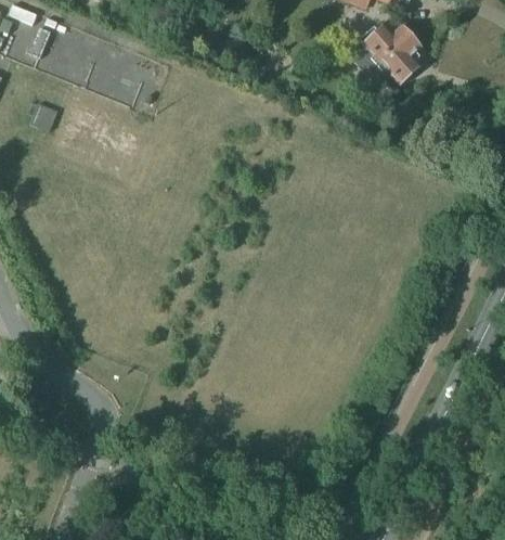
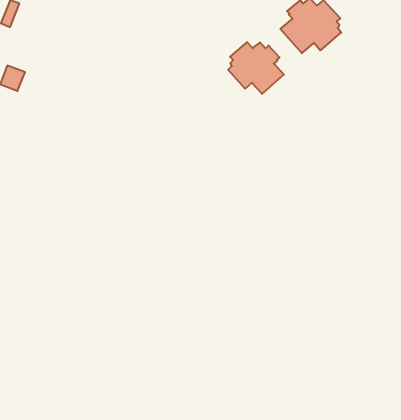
building: none -> [228,42,284,94]

